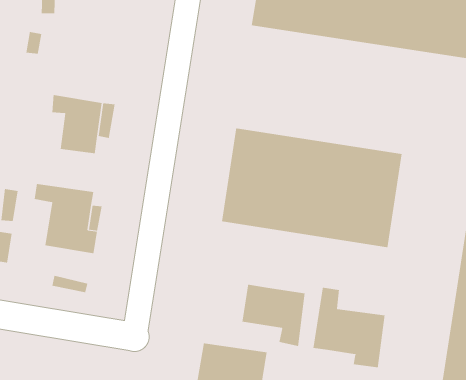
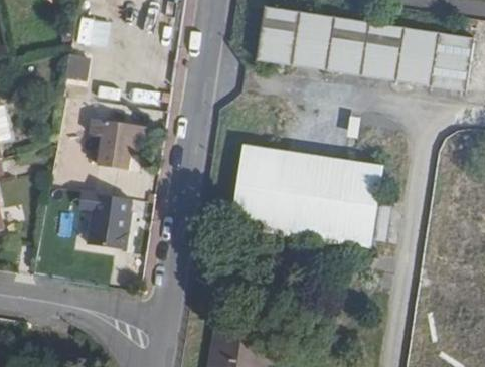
building: [242,284,305,347] -> none
building: [313,287,385,368] -> none

